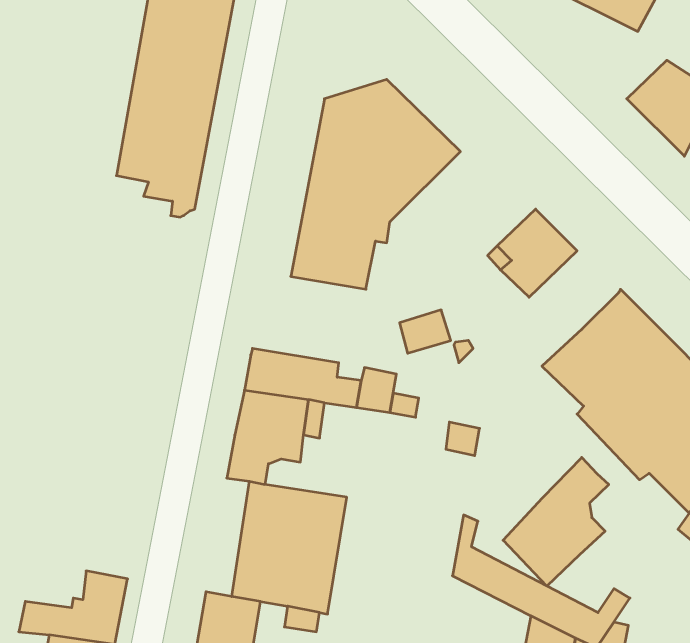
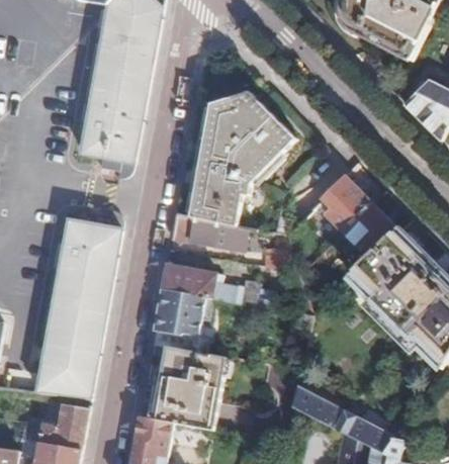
building: none -> [341,200,397,250]
building: none -> [36,207,122,398]
building: none -> [170,213,245,247]
building: [503,457,609,586] -> none

